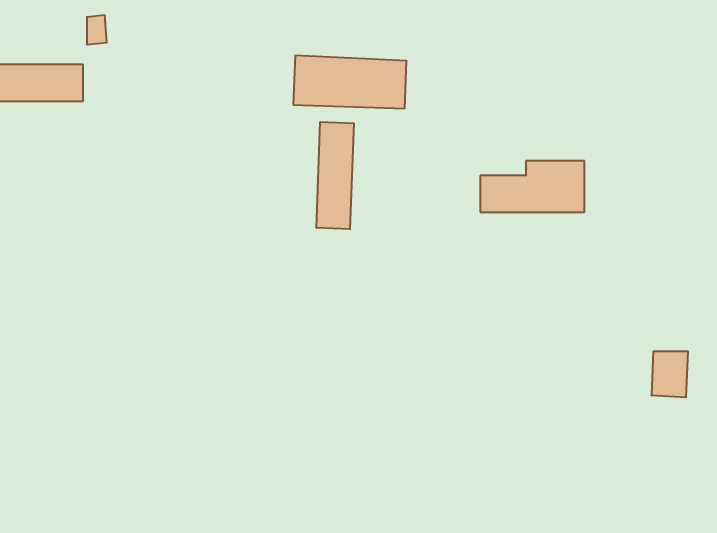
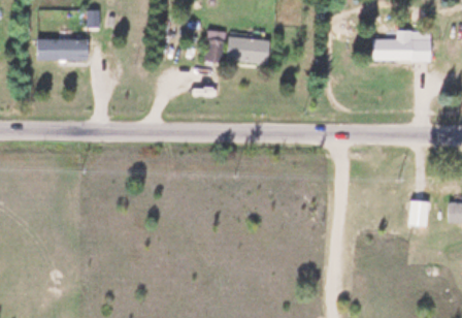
building: [316,122,354,229] -> none
building: [480,161,584,212] -> [371,31,430,60]

